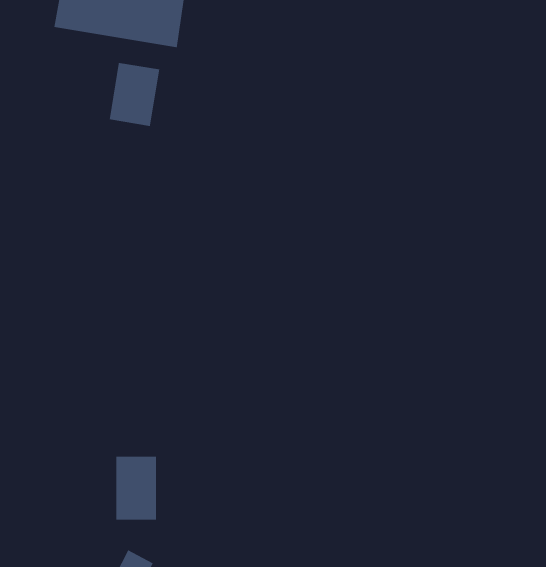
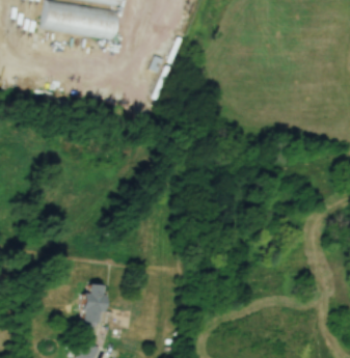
building: [109,62,160,127] -> none

